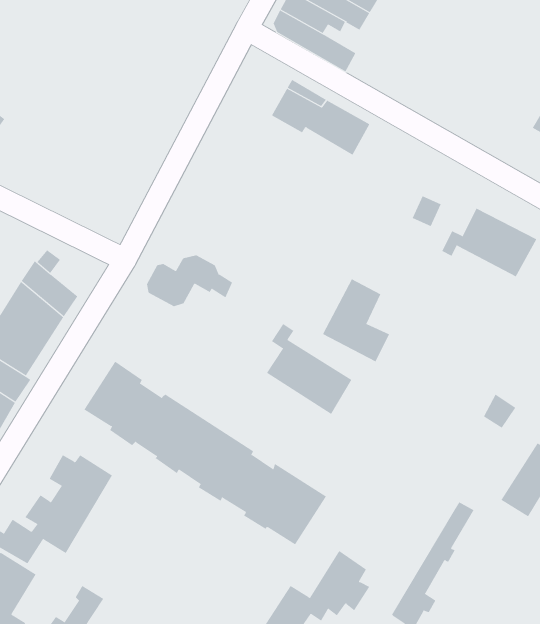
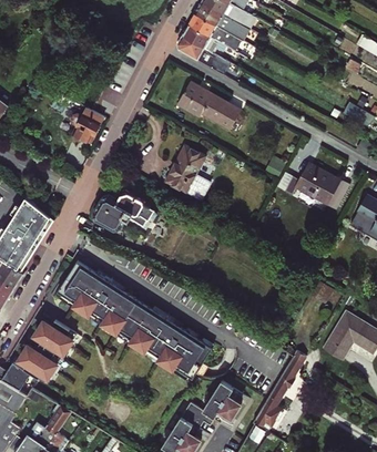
building: none -> [70,110,102,142]
building: [322,279,390,362] -> [165,146,208,199]
building: [266,323,352,415] -> none

